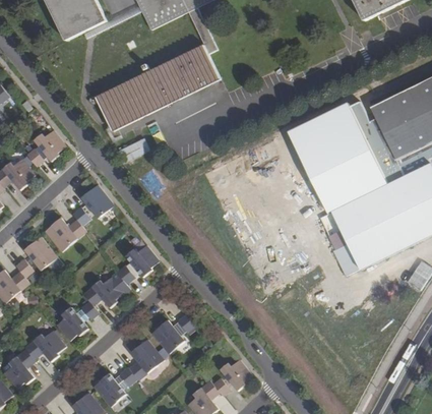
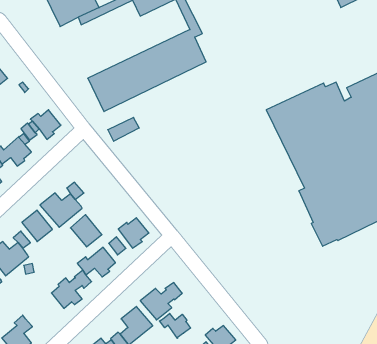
building: [80,183,114,218] -> [70,215,102,247]
building: [24,330,65,361] -> none
building: none -> [159,313,191,338]

